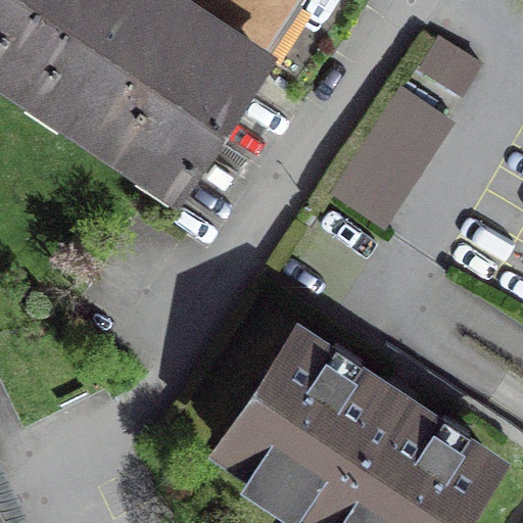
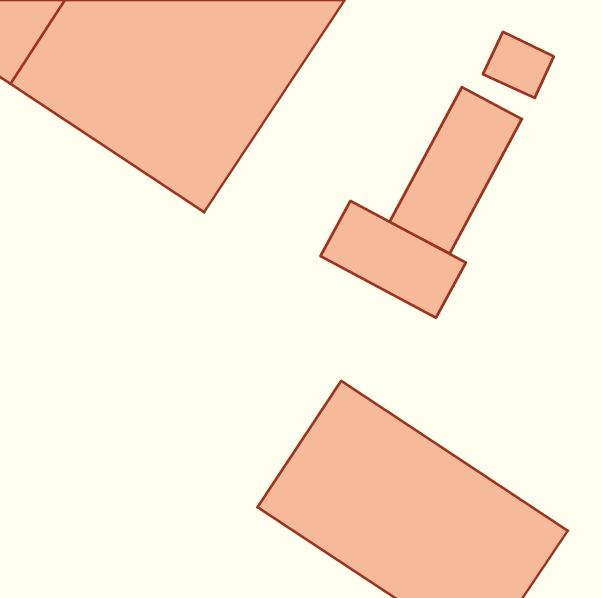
building: none -> [321,201,466,318]

